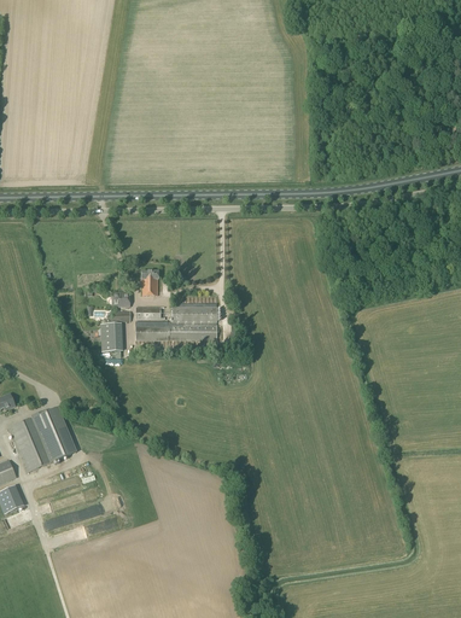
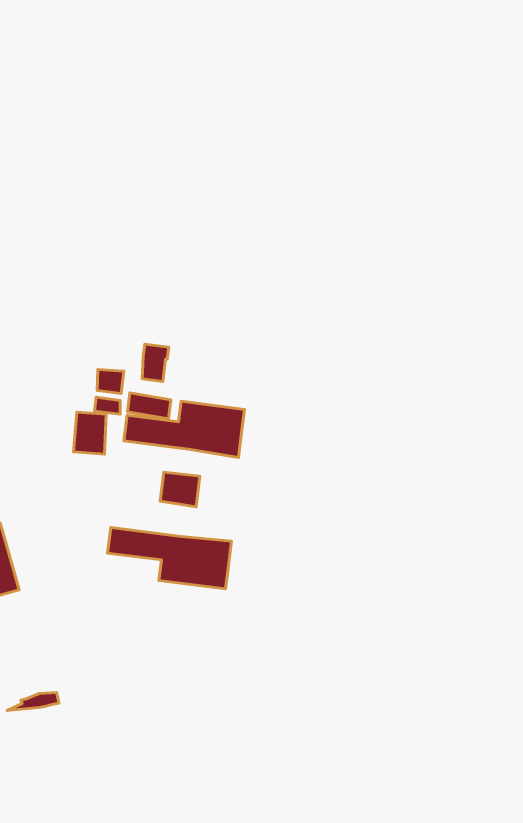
building: none -> [160,472,200,507]
building: none -> [108,528,232,589]

